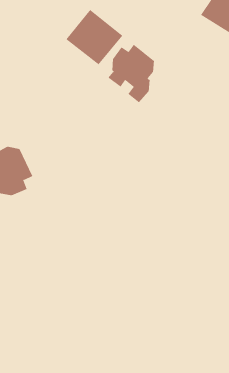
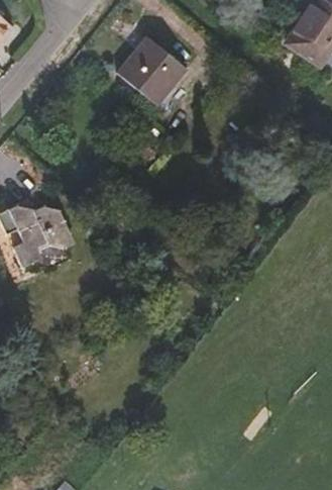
building: [108,44,154,103] -> none

